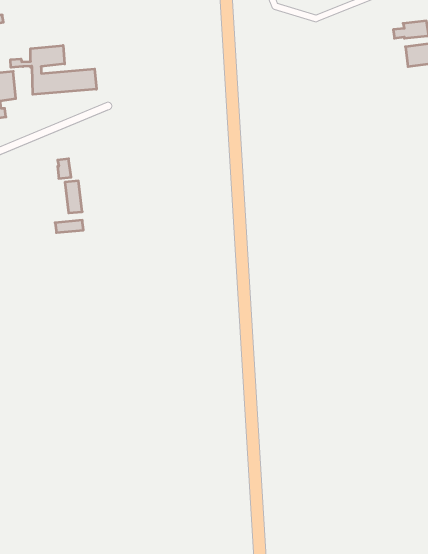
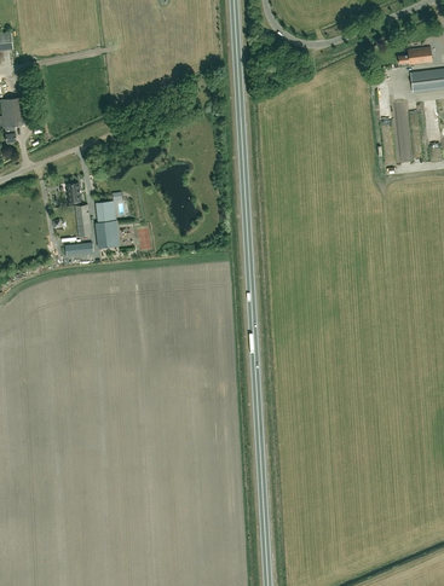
building: [11,45,96,94] -> none
building: none -> [96,202,119,245]

